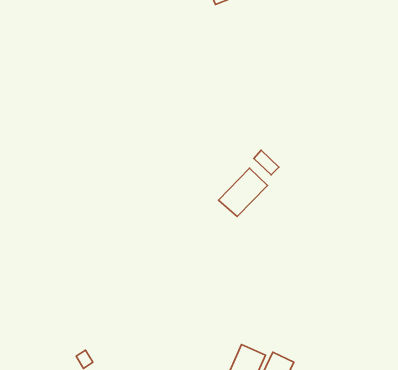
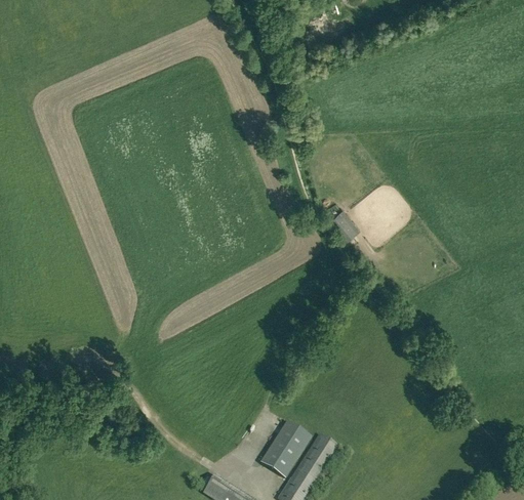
building: [219,168,267,216] -> none

